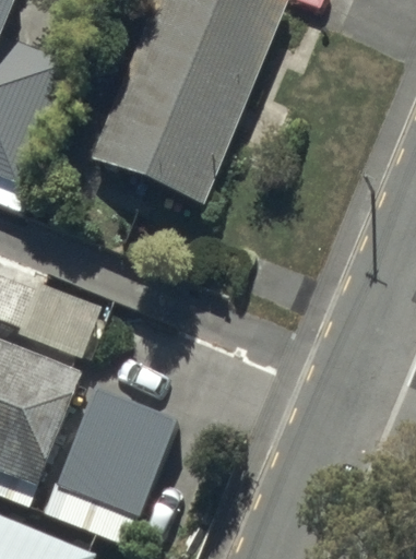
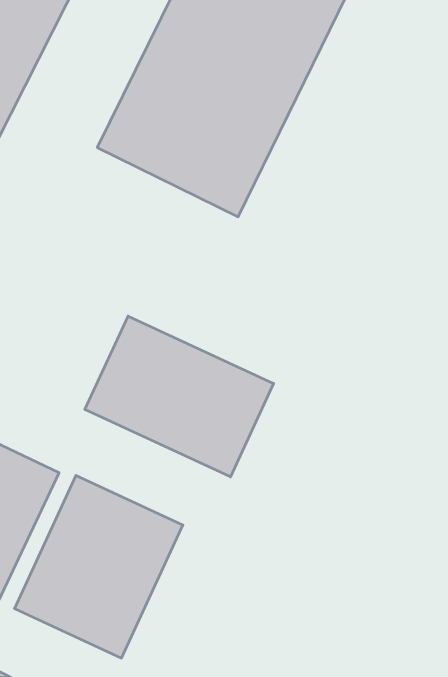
building: none -> [85,316,274,477]

